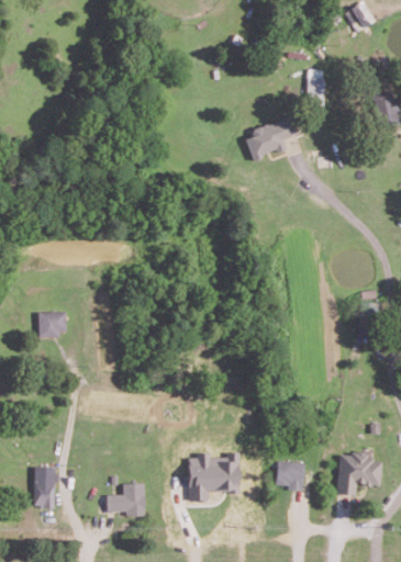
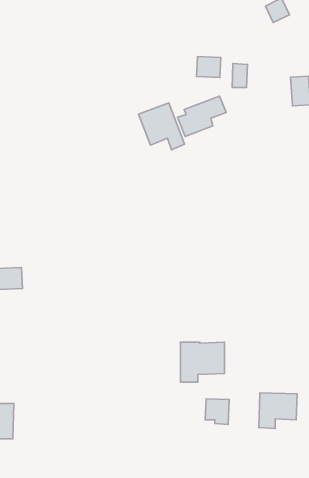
building: none -> [197,56,221,77]
building: none -> [139,103,185,150]
building: [188,454,238,501] -> [181,342,225,382]
building: [107,483,145,516] -> none

